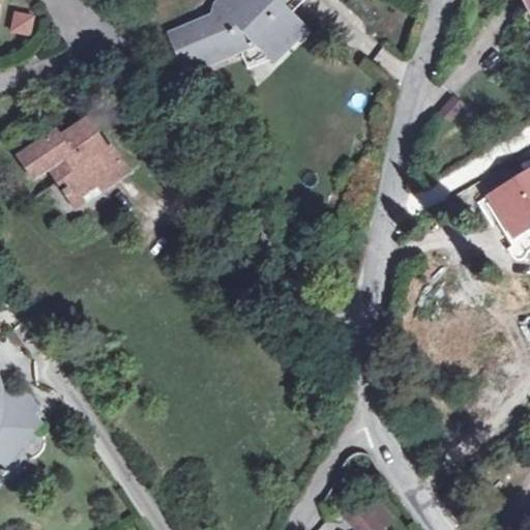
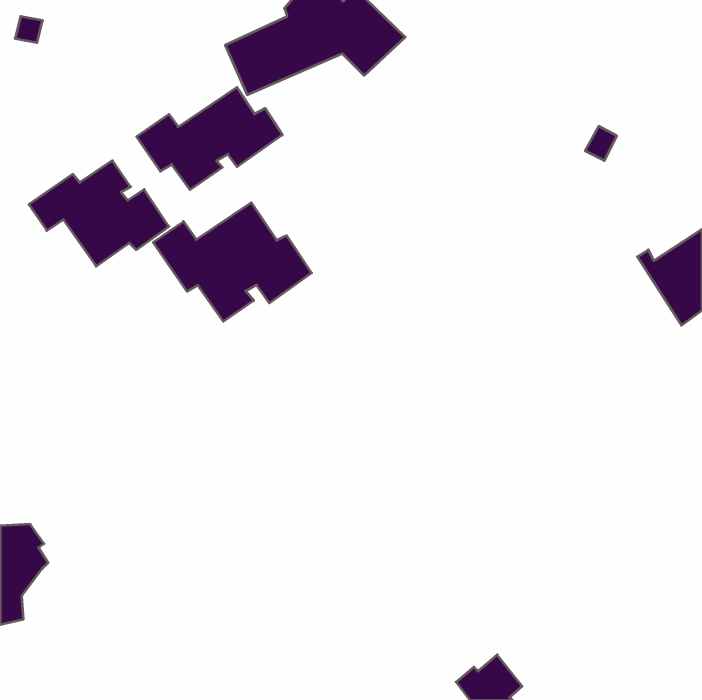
building: none -> [137,87,282,190]
building: none -> [153,203,312,321]

